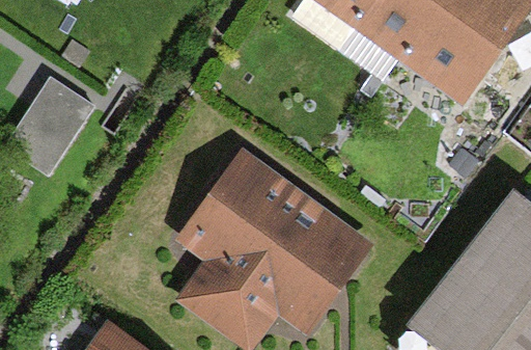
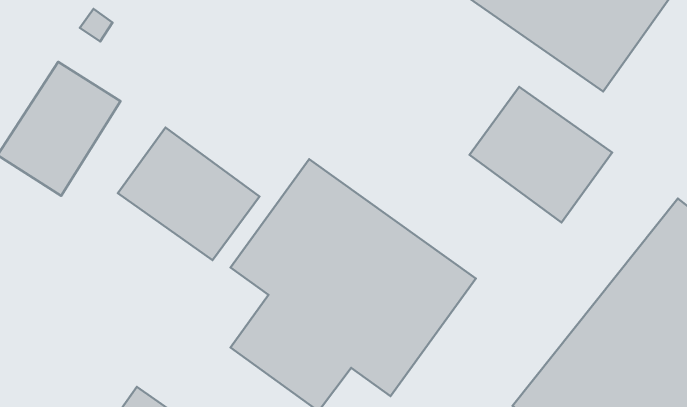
building: none -> [470,87,612,222]
building: none -> [118,127,259,260]

